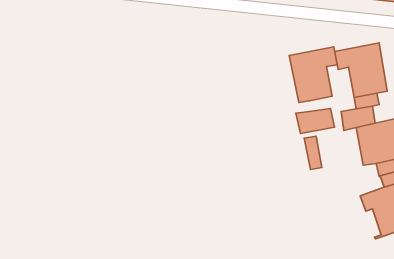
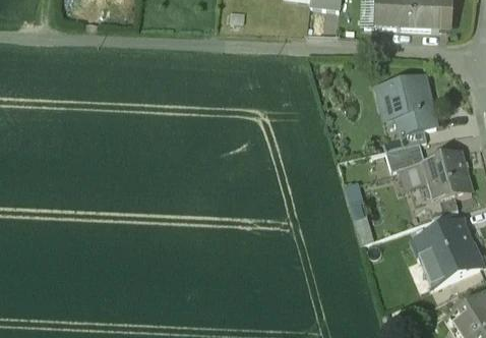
building: [289,47,337,103] -> none
building: [296,109,334,134] -> none

